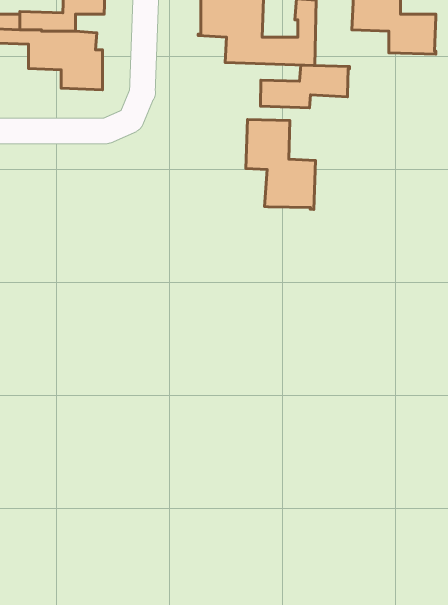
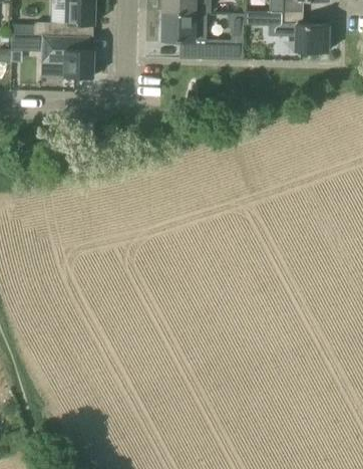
building: [260,65,350,108] -> none
building: [246,120,315,209] -> none

